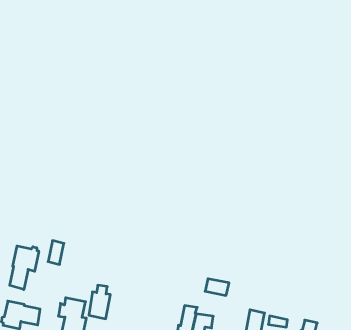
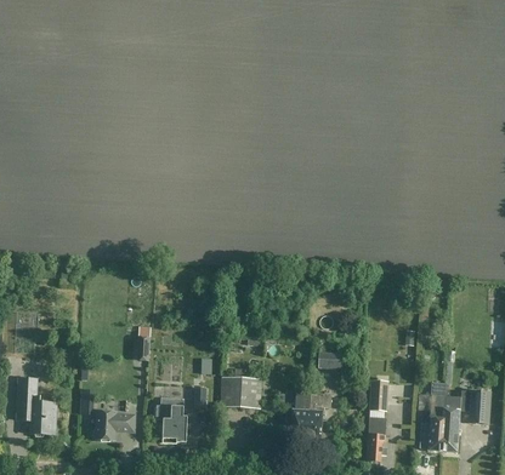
building: [10,246,39,290] -> none
building: none -> [221,377,261,408]

